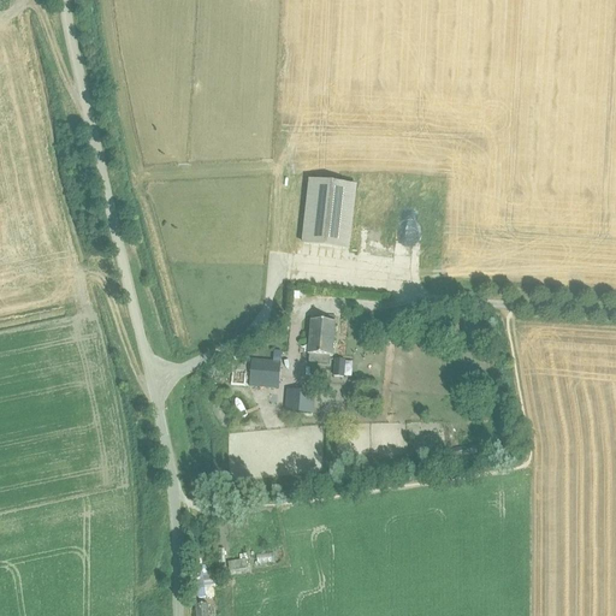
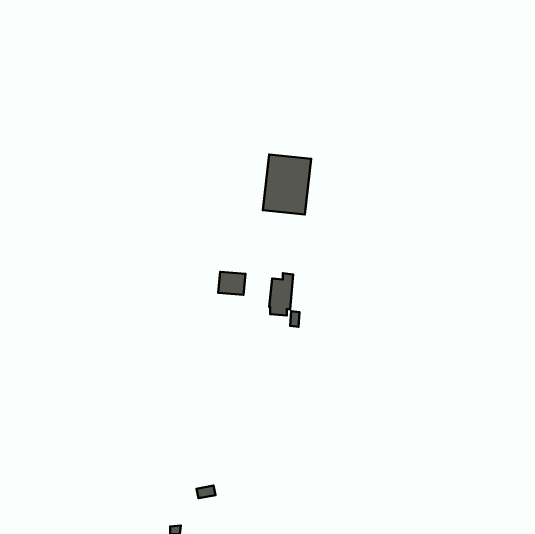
building: [248,357,279,384] -> [218,272,245,295]
building: [285,387,310,411] -> none

